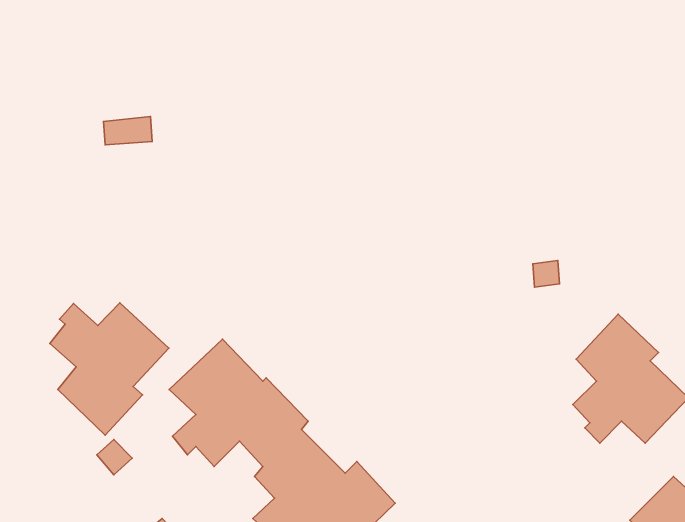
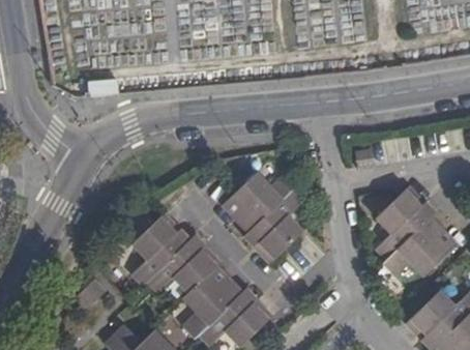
building: none -> [222,174,302,259]
building: [50,303,169,435] -> none

